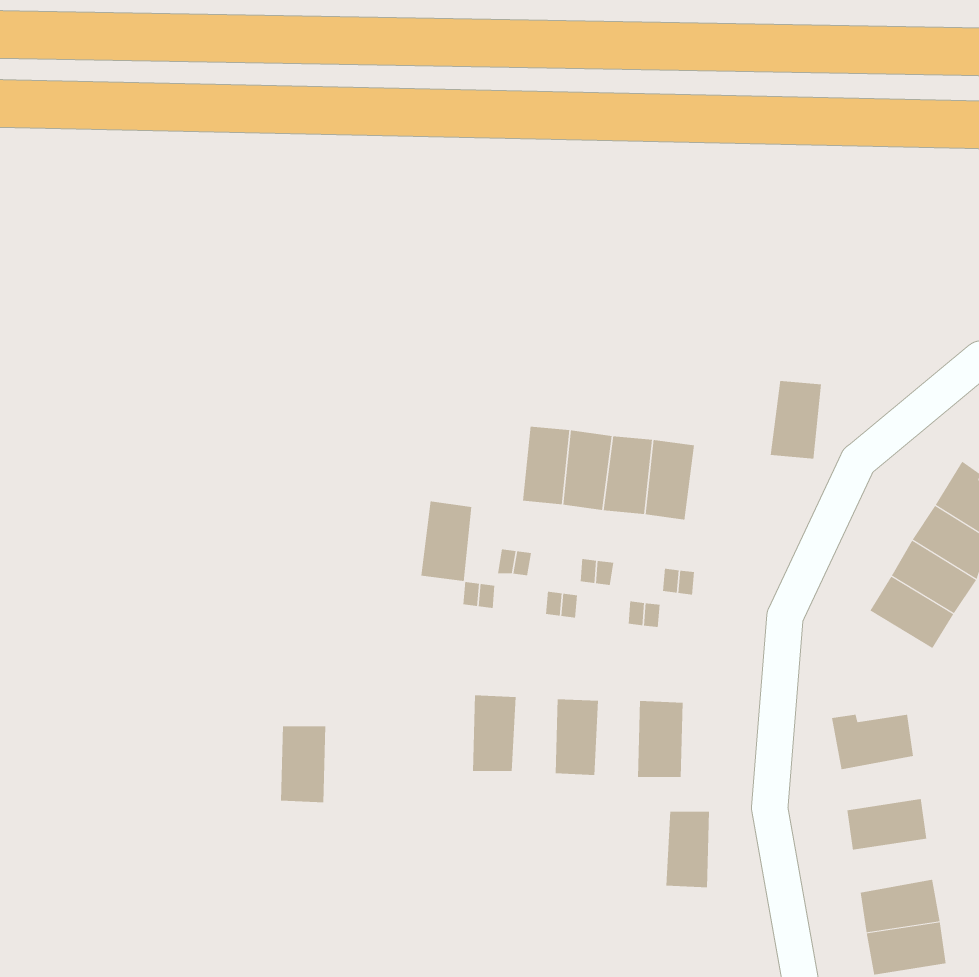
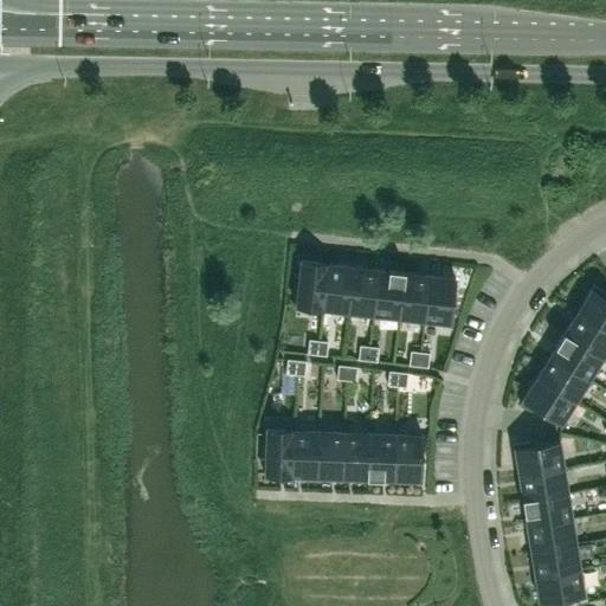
building: [770,380,822,459] -> [424,277,456,325]
building: [420,501,472,582] -> [296,262,328,311]
building: none -> [521,379,576,426]
building: none -> [317,432,344,479]
building: [280,726,326,803] -> [265,431,294,478]
building: none -> [520,469,569,502]
building: [666,811,710,888] -> [368,434,395,482]
building: none -> [527,520,576,553]

